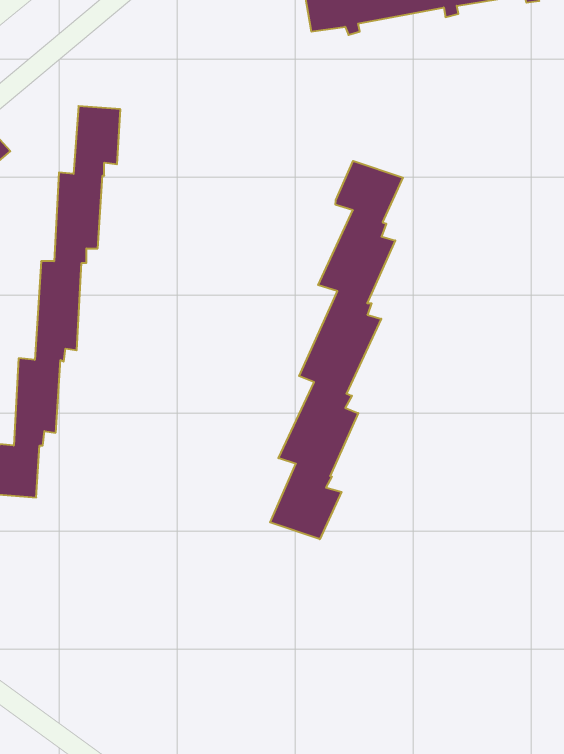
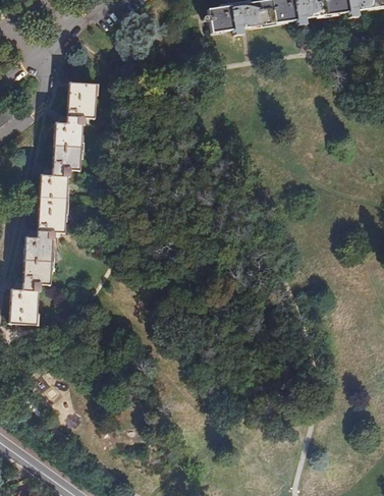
building: [270,161,403,539] -> none

